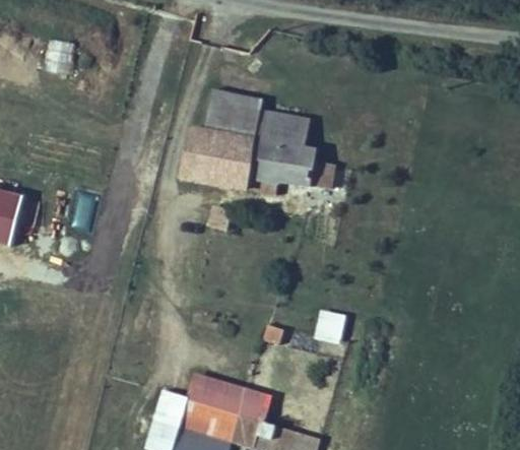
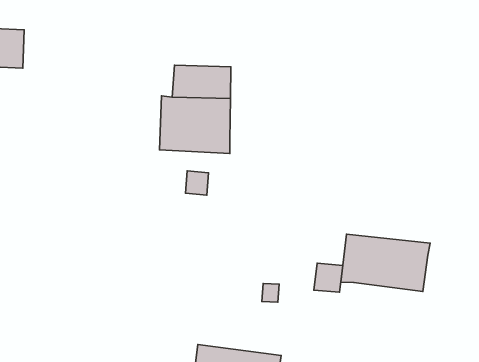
building: [255,109,319,185] -> none
building: none -> [341,234,430,291]

